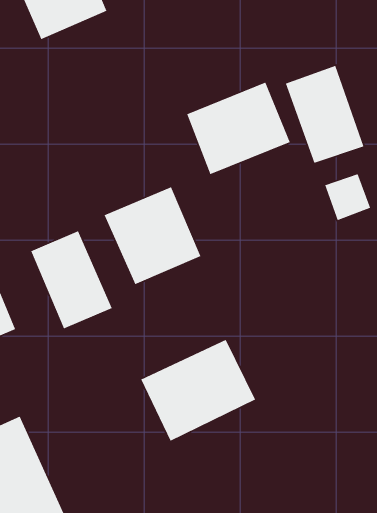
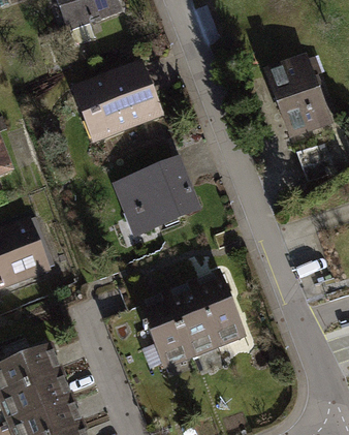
building: [186,81,291,175] -> [75,60,158,134]
building: [30,230,113,330] -> none

